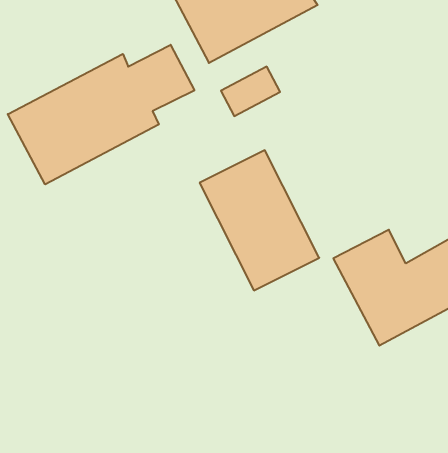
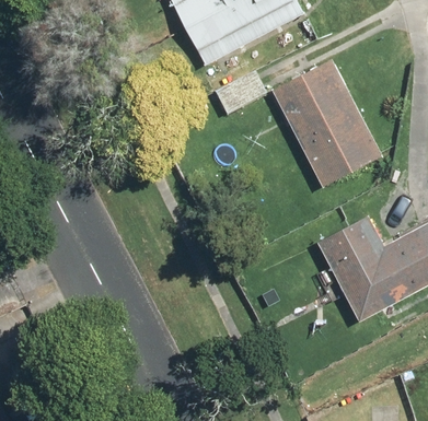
building: [8,45,194,184] -> none
building: [200,150,319,290] -> [271,59,380,186]

